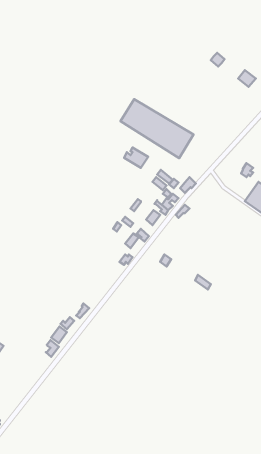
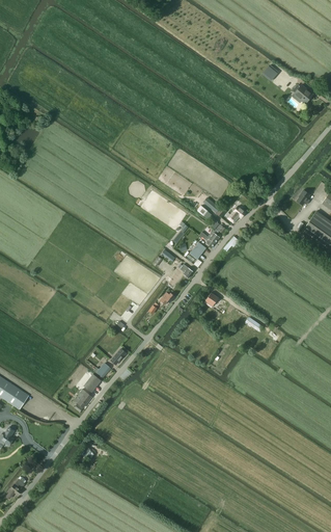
building: [121,99,194,158] -> none

